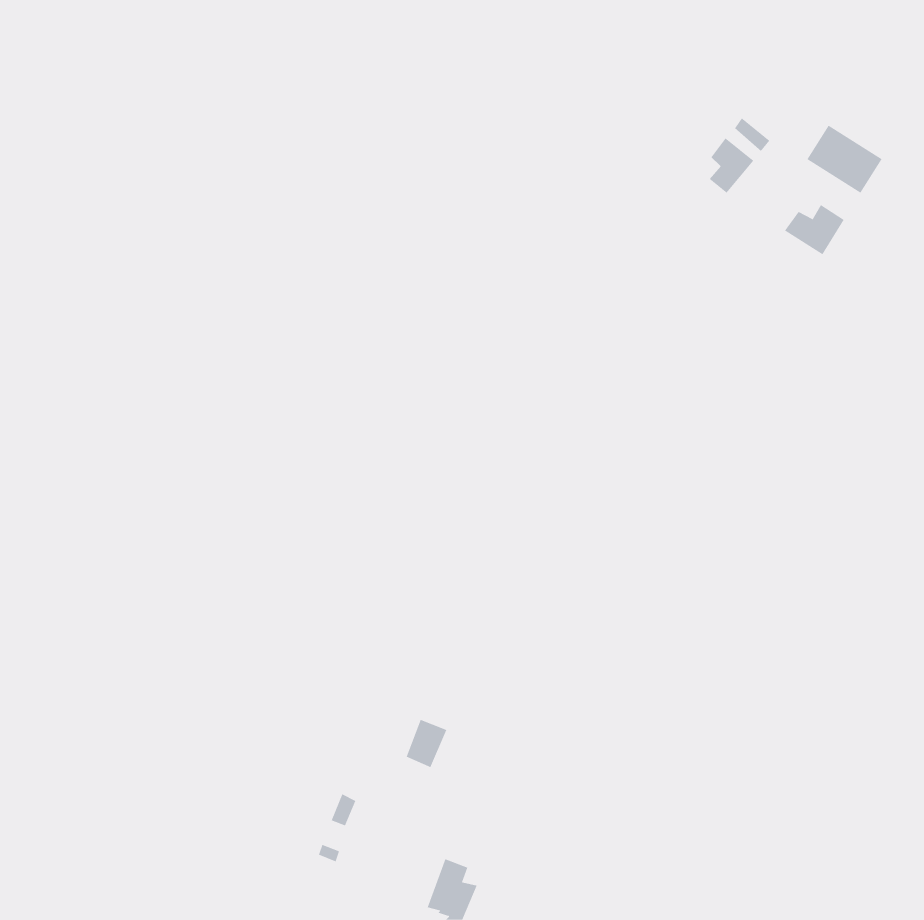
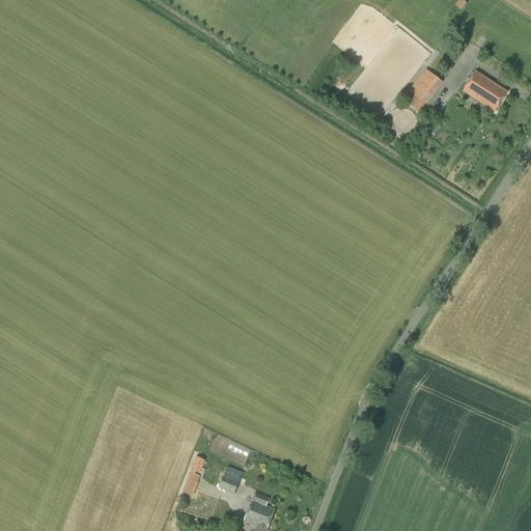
building: [784,204,845,255] -> none
building: [406,719,447,768] -> [219,465,243,493]

